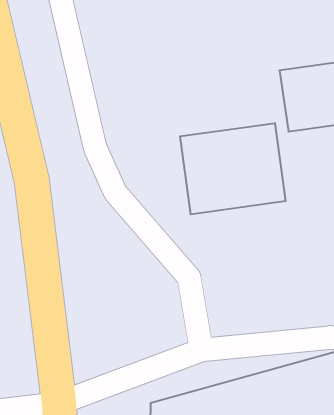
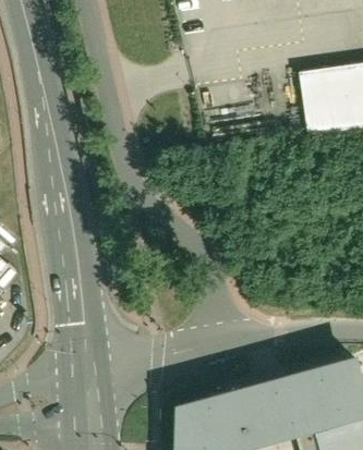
building: [180,123,285,214] -> none

